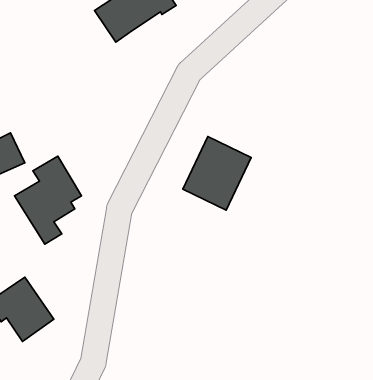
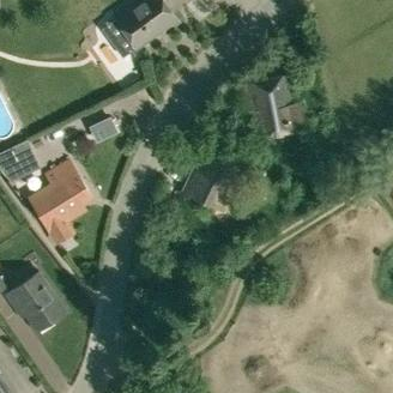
building: none -> [244,77,303,140]

